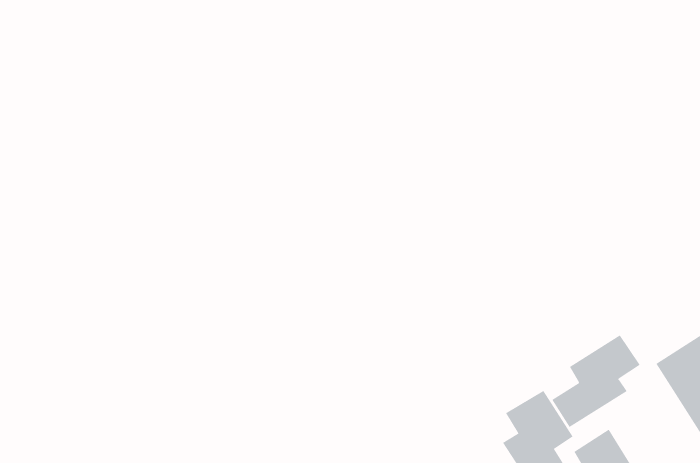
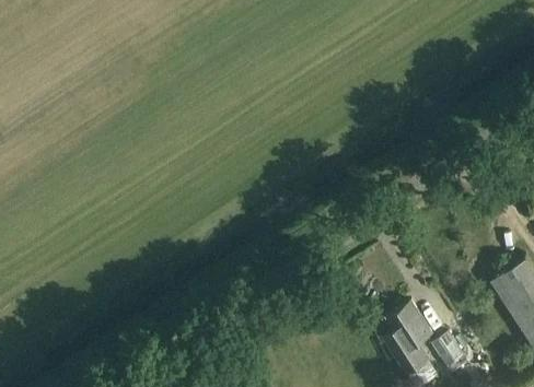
building: [552,335,641,428] -> none

